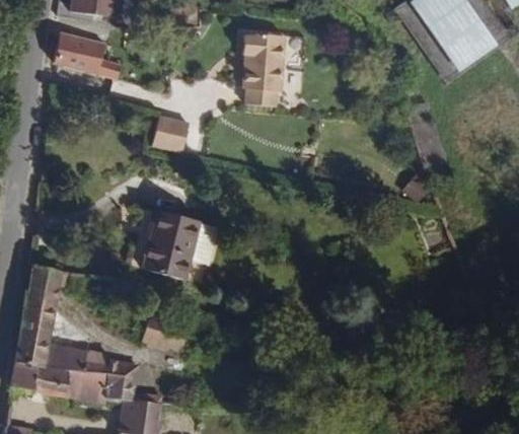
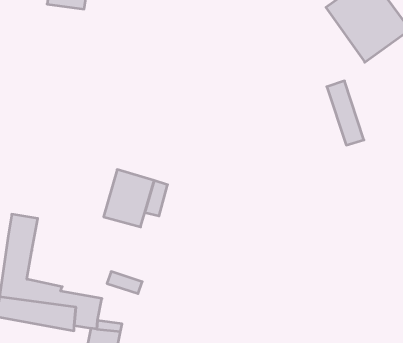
building: [242,30,285,103] -> none
building: [53,32,122,79] -> none
building: [151,116,188,152] -> none

